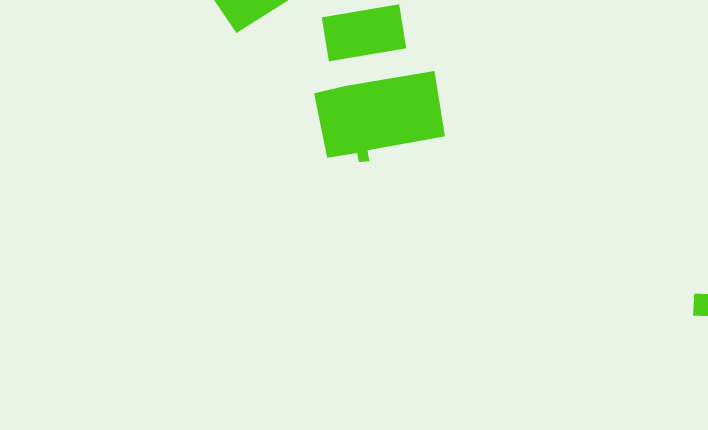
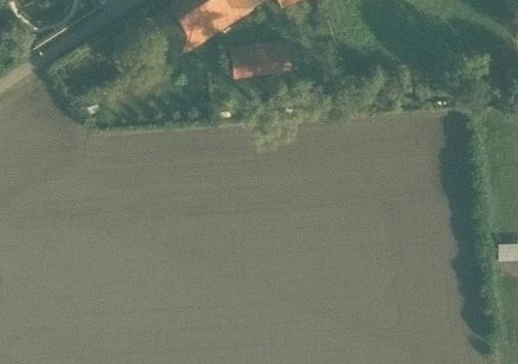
building: [313,70,446,163] -> none

